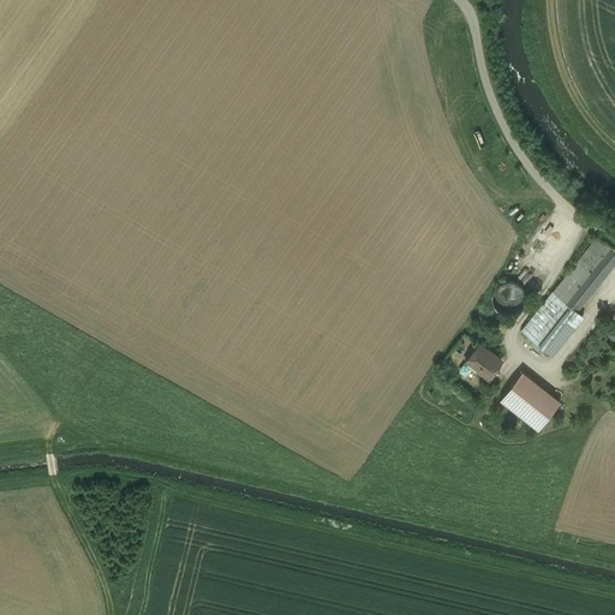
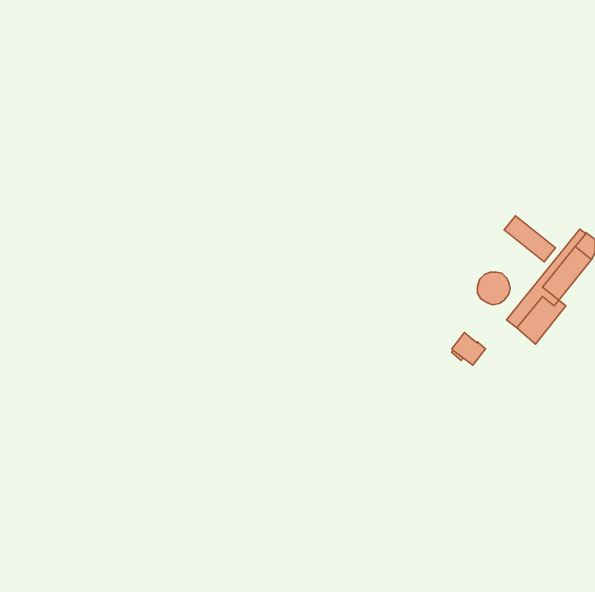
building: none -> [504,216,556,262]
building: [500,372,560,430] -> none

